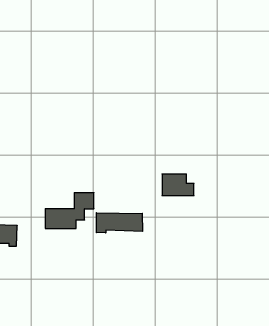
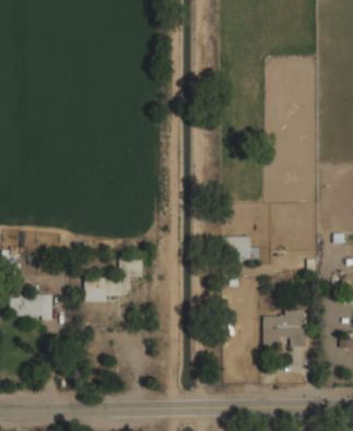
building: [96,213,142,233] -> none
building: none -> [263,308,306,346]

